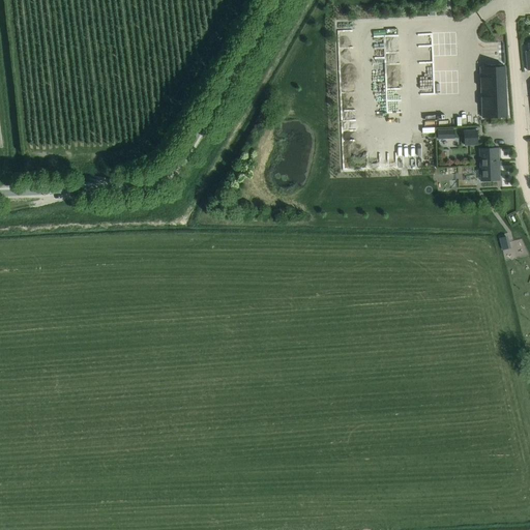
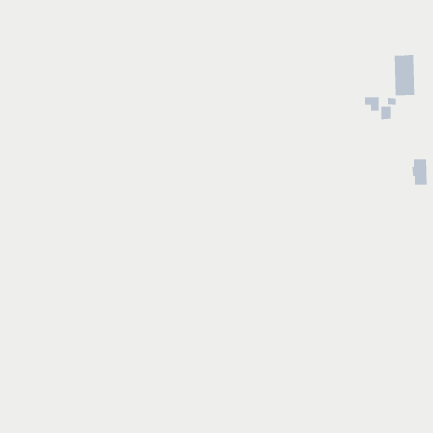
building: [480,149,500,181] -> [412,159,428,185]

